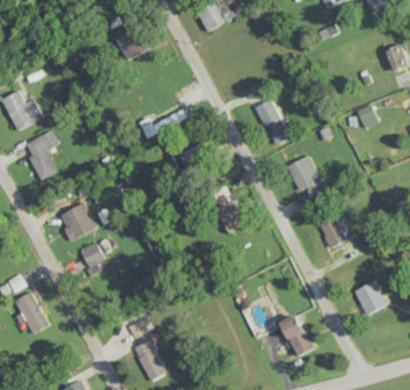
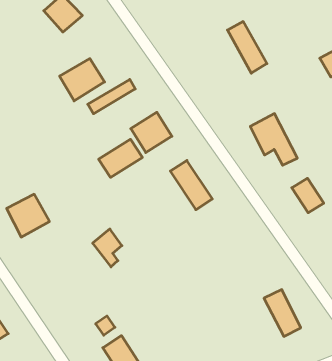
building: none -> [60,59,105,101]
building: [256,99,288,146] -> [227,22,267,73]
building: none -> [99,139,142,177]
building: [78,241,105,275] -> [93,229,122,267]

